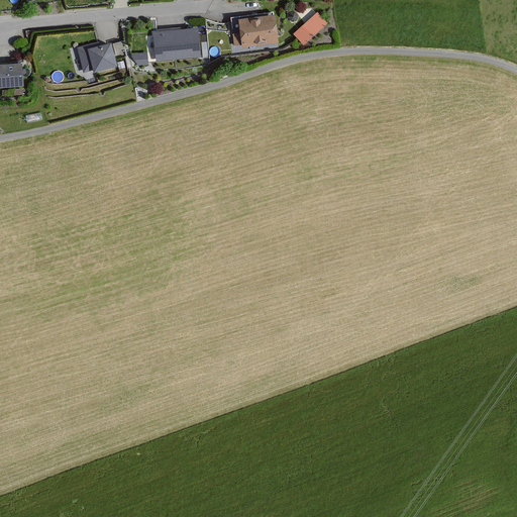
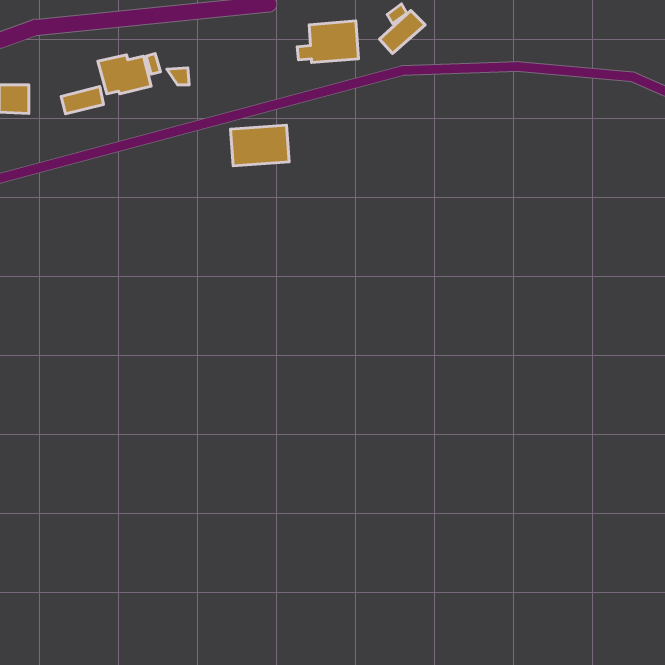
building: [152,29,198,61] -> [230,125,289,166]
building: none -> [61,86,103,114]

